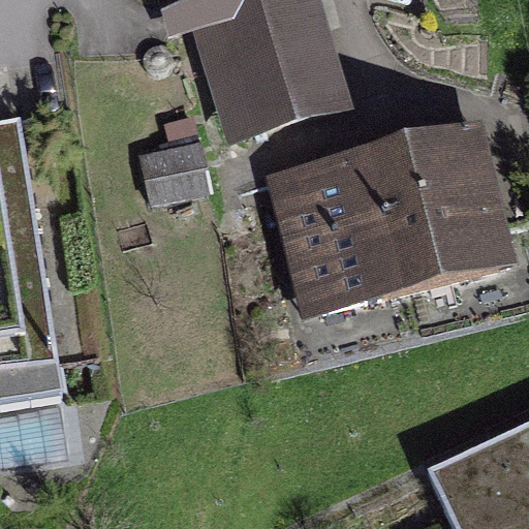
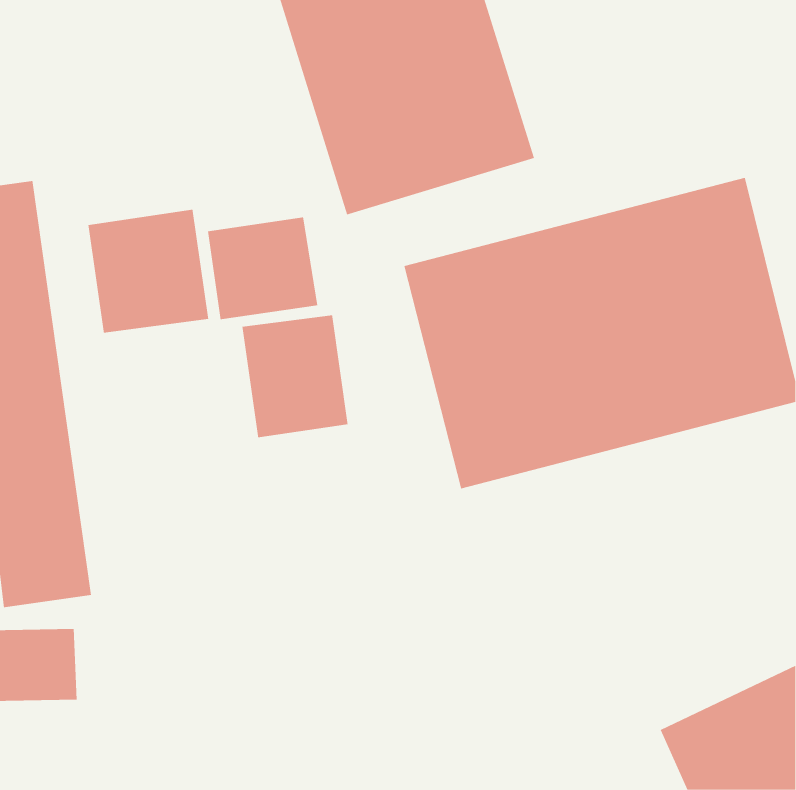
building: none -> [88,209,209,333]
building: none -> [242,315,348,438]

